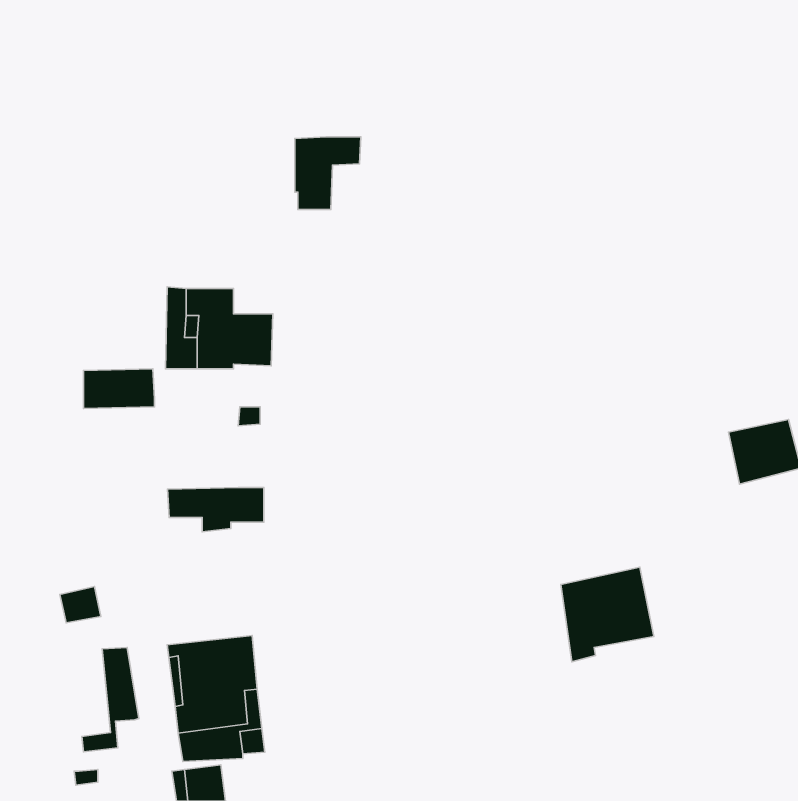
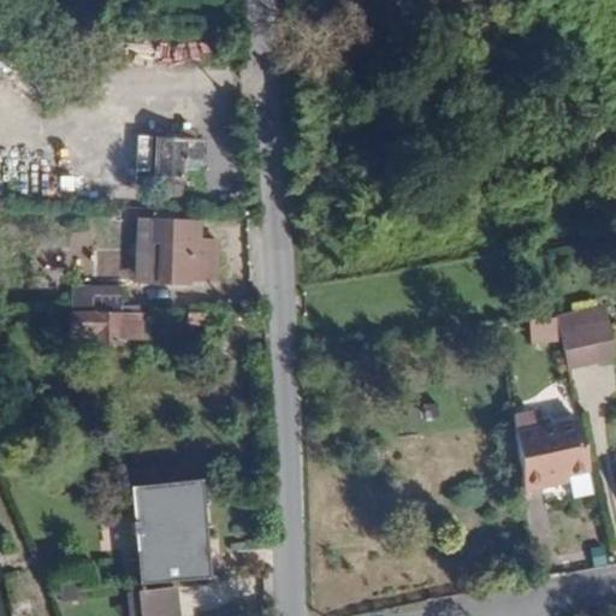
building: [295,137,361,209] -> [148,136,199,191]
building: [168,488,264,532] -> [70,310,143,344]
building: [561,567,654,662] -> [521,417,592,490]
building: [82,648,139,752] -> none

